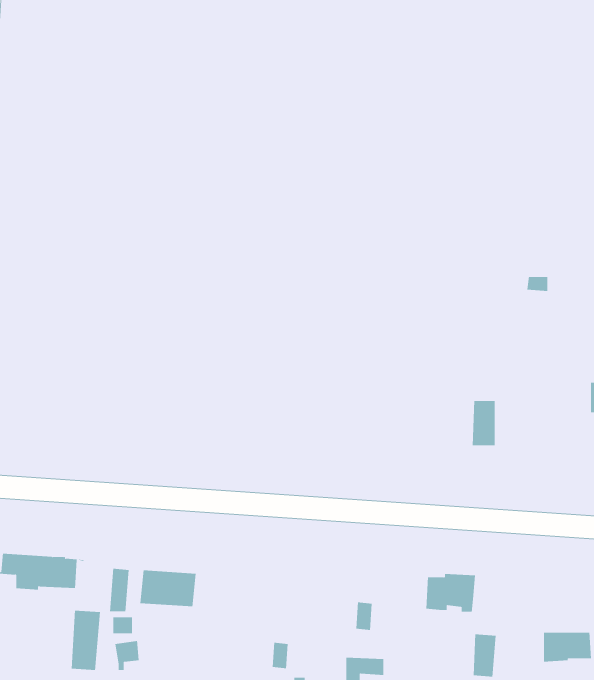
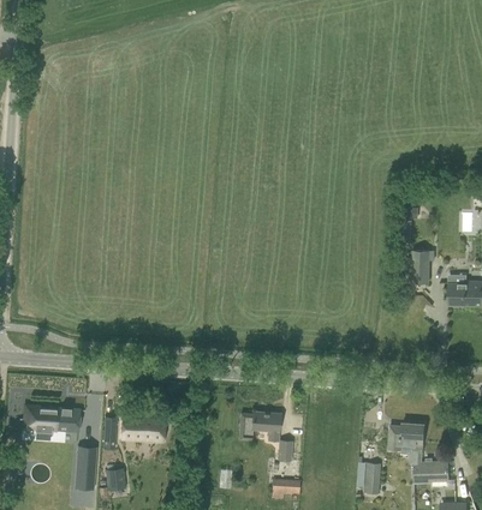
building: [472,400,495,446] -> [411,250,428,282]
building: none -> [239,412,280,440]
building: [426,574,476,612] -> [388,422,424,450]

